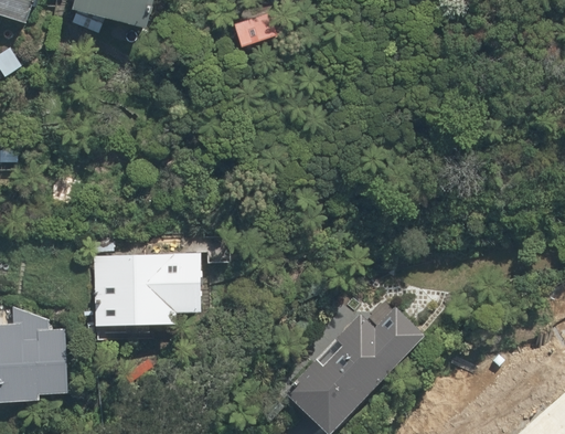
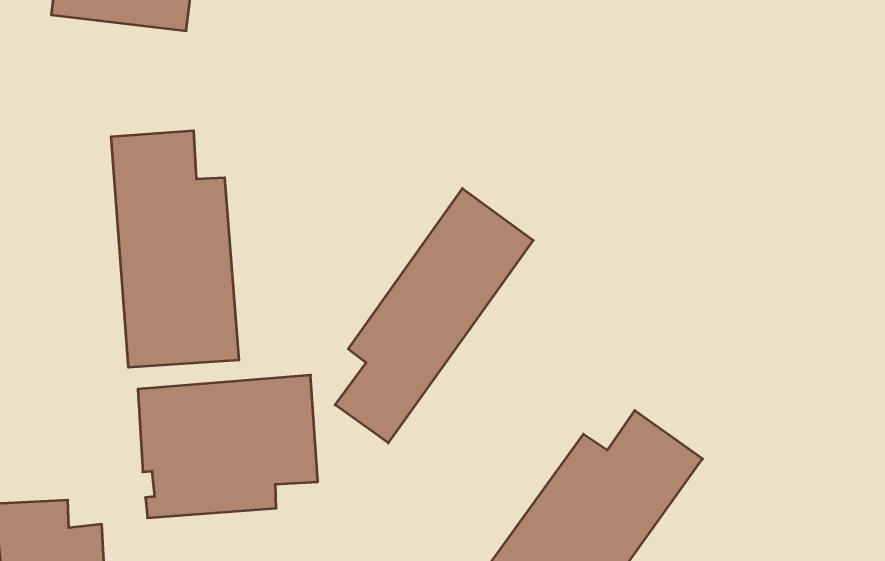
building: none -> [111,131,239,367]
building: none -> [335,188,533,443]

